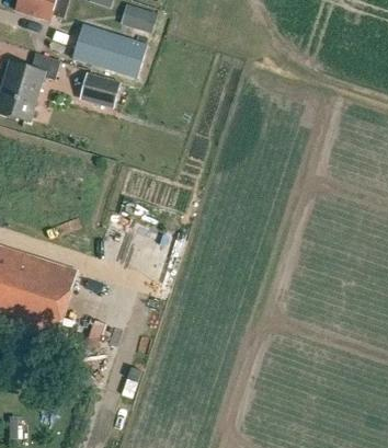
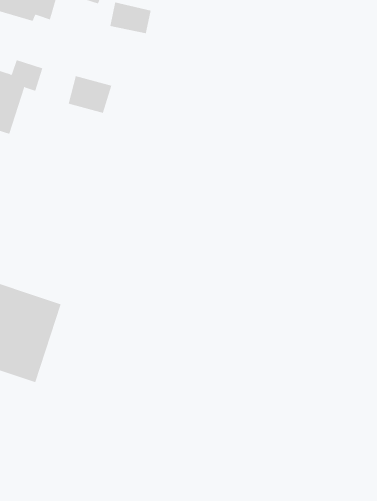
building: [70,25,145,73] -> none

